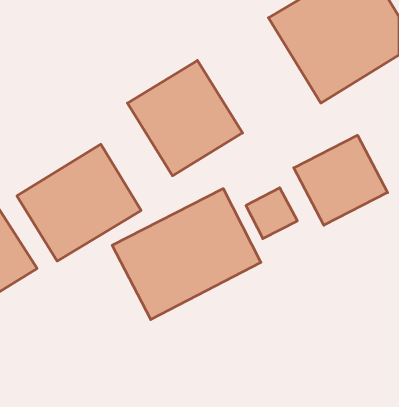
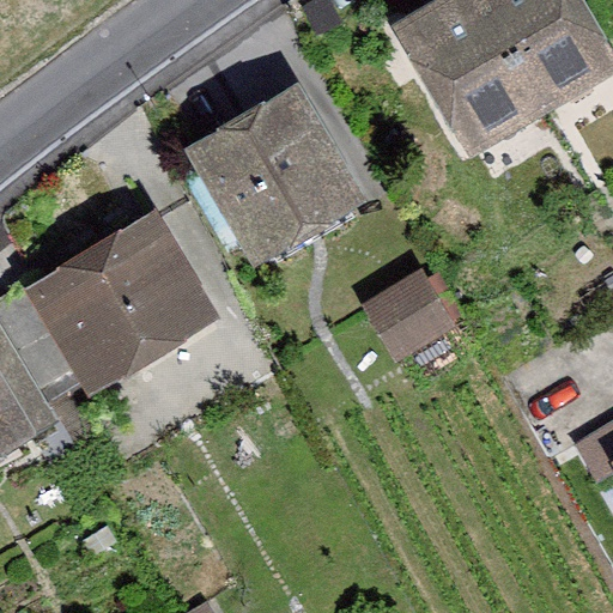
building: [294,135,388,225] -> none
building: [112,189,261,320] -> none

